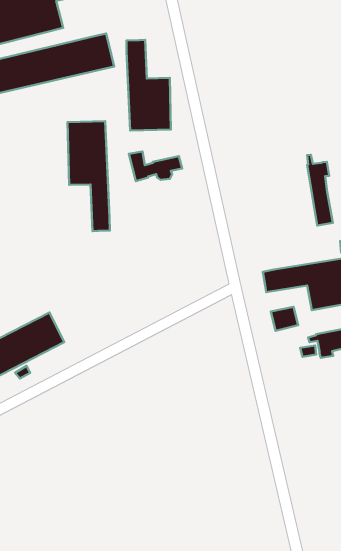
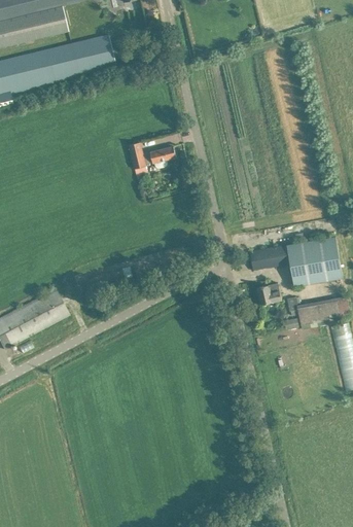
building: [127,40,171,131] -> none
building: [67,121,110,231] -> none
building: [307,155,333,226] -> none

